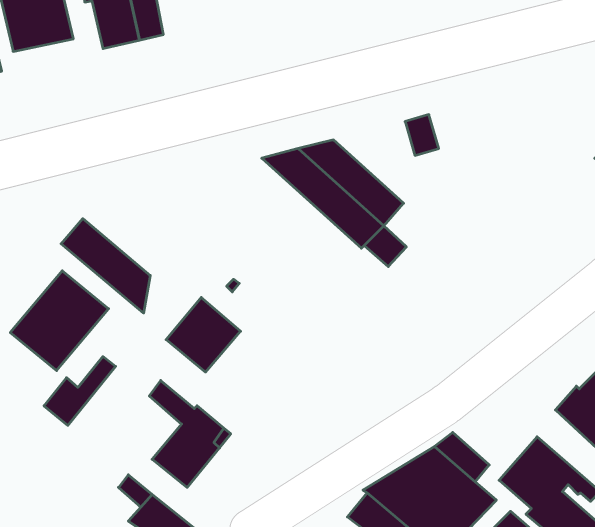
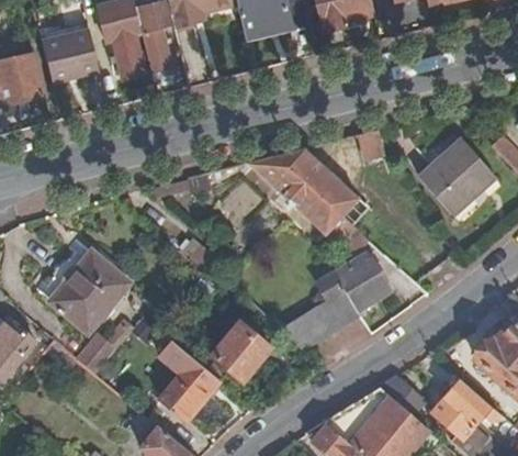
building: none -> [417,138,494,214]
building: [61,219,150,313] -> none
building: none -> [283,254,387,352]
building: [166,297,241,372] -> [213,321,271,379]

